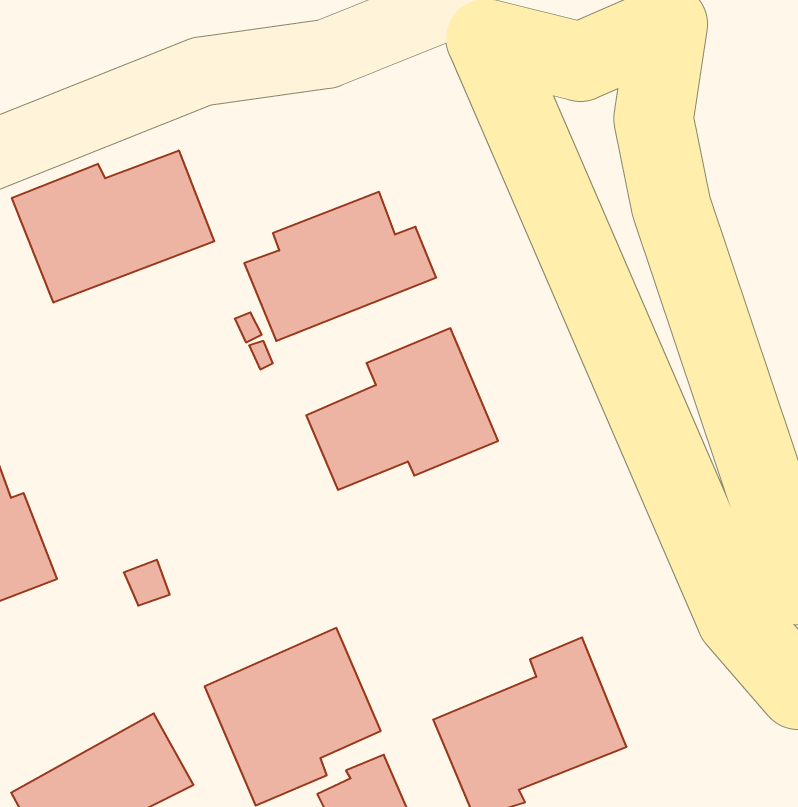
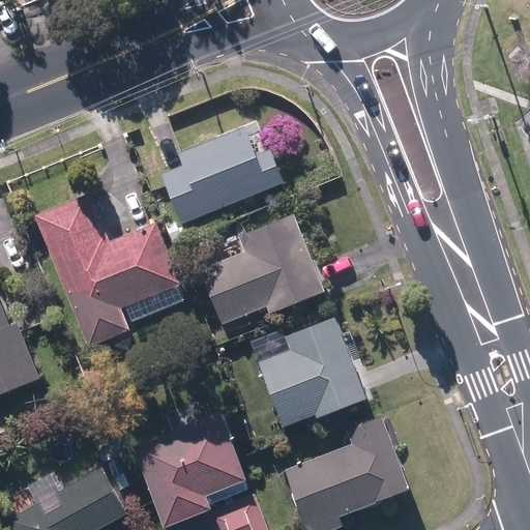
building: [12,150,214,303] -> none
building: none -> [35,197,179,347]
building: none -> [259,318,369,429]

